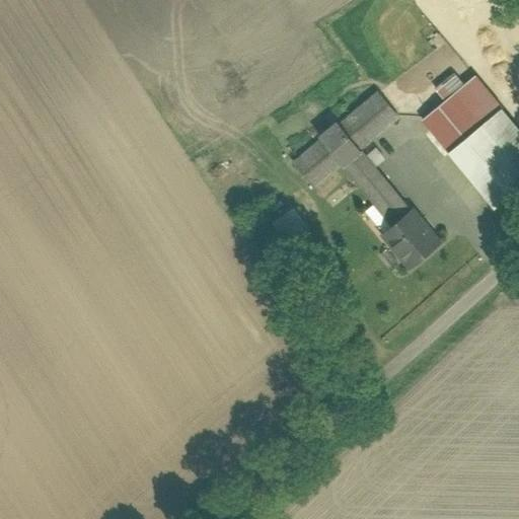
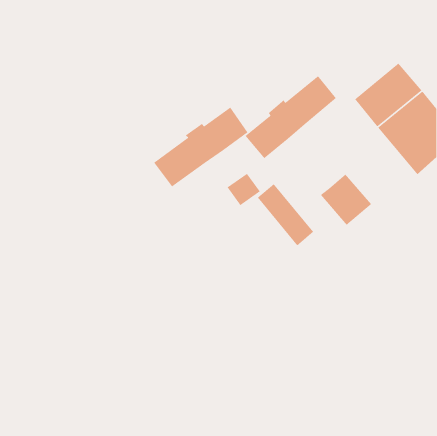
building: none -> [153,107,249,188]
building: [342,149,410,224] -> [257,183,314,246]

